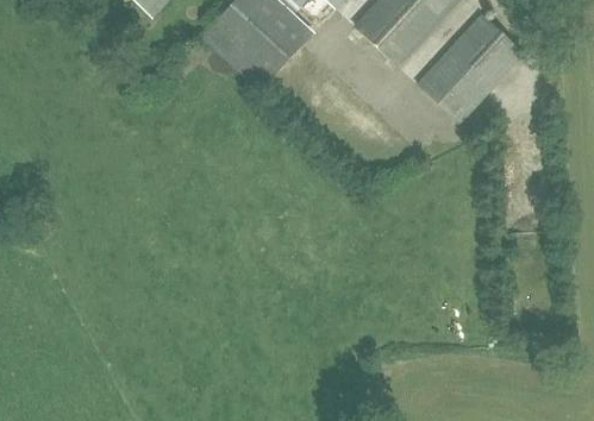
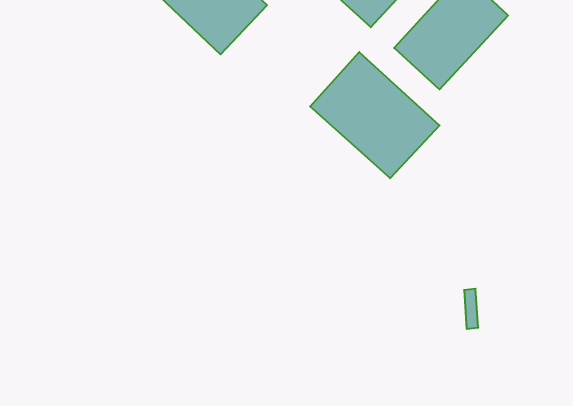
building: none -> [310,52,440,178]

